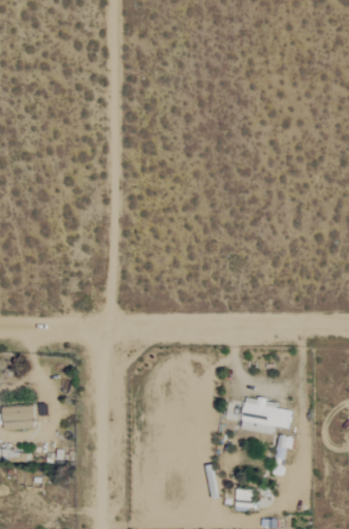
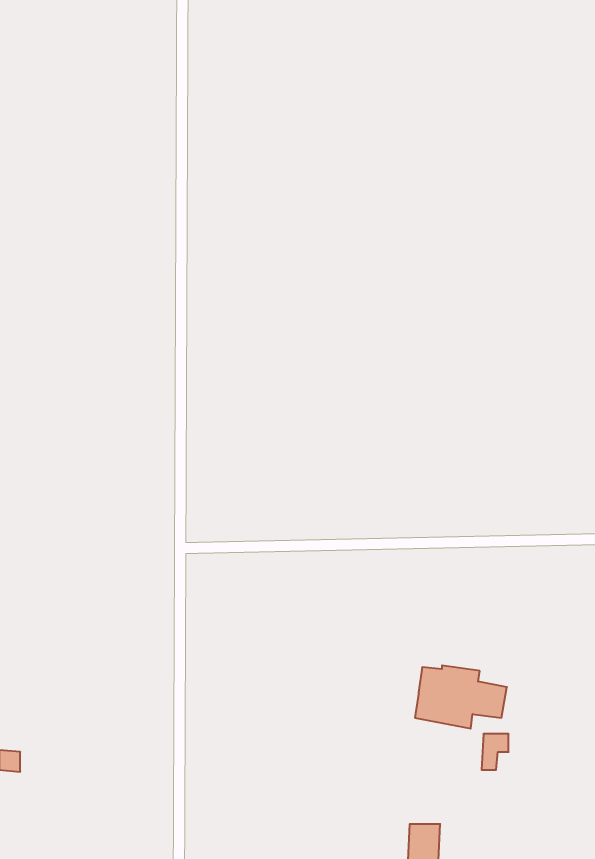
building: [6,405,39,429] -> none

